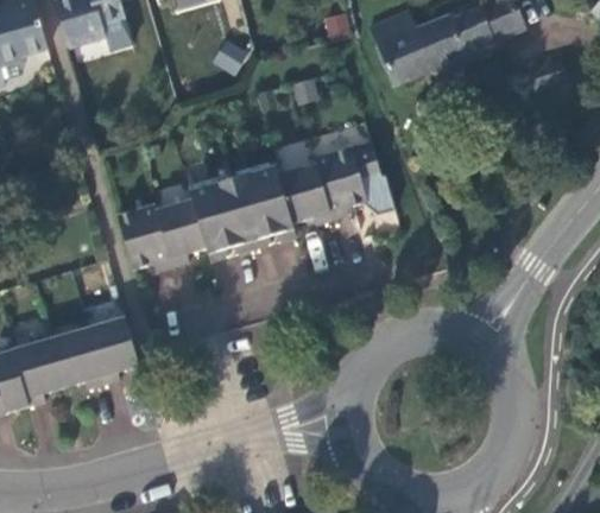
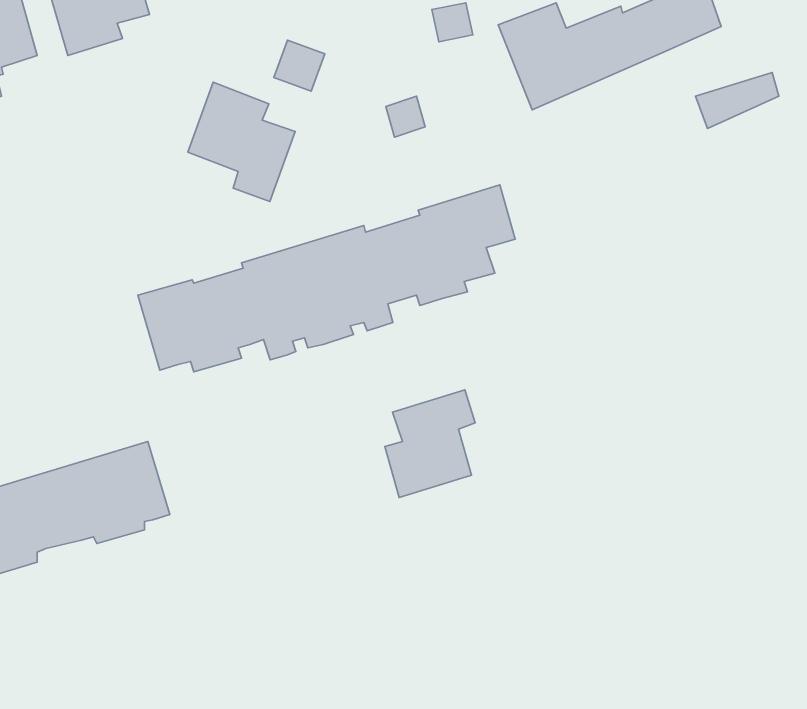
building: none -> [188,82,295,201]
building: none -> [385,390,475,497]

